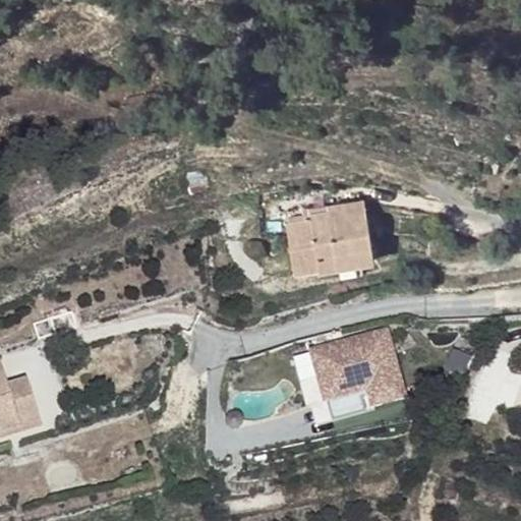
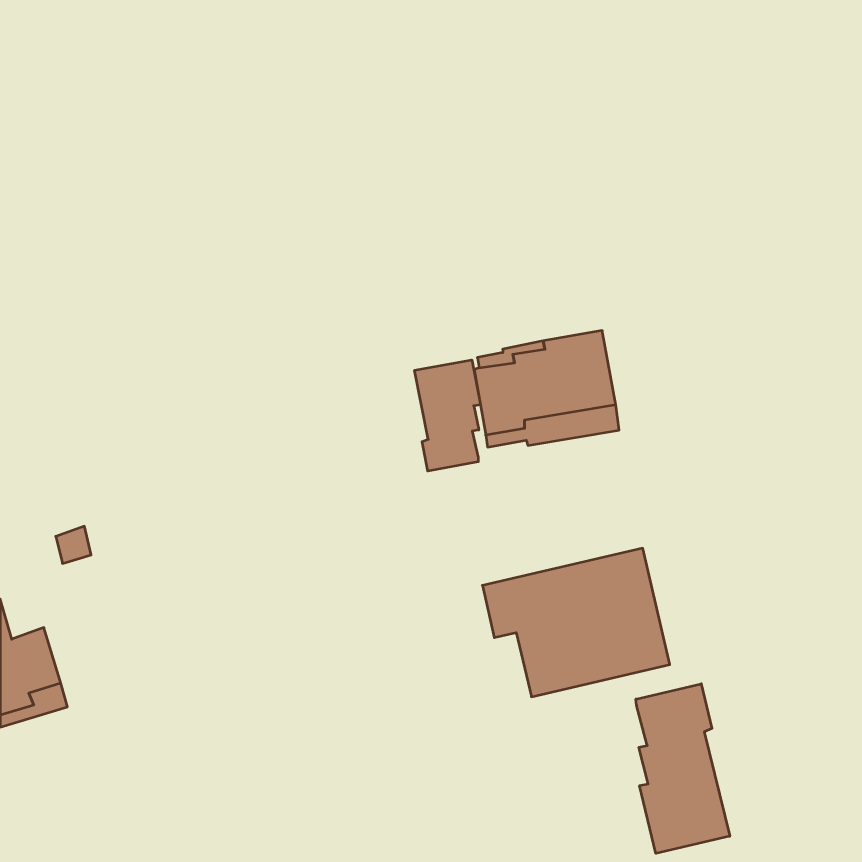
building: none -> [415,360,480,471]
building: none -> [636,684,730,853]

